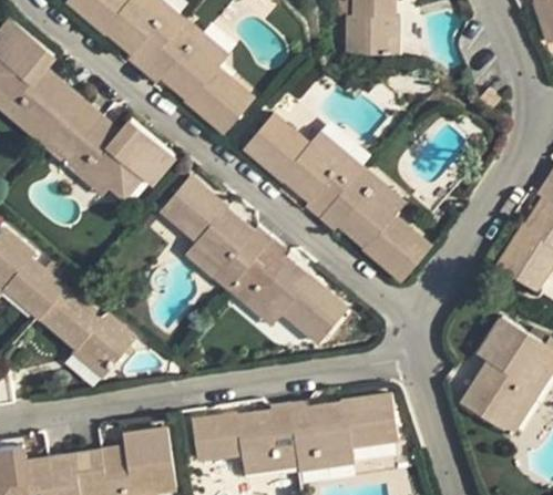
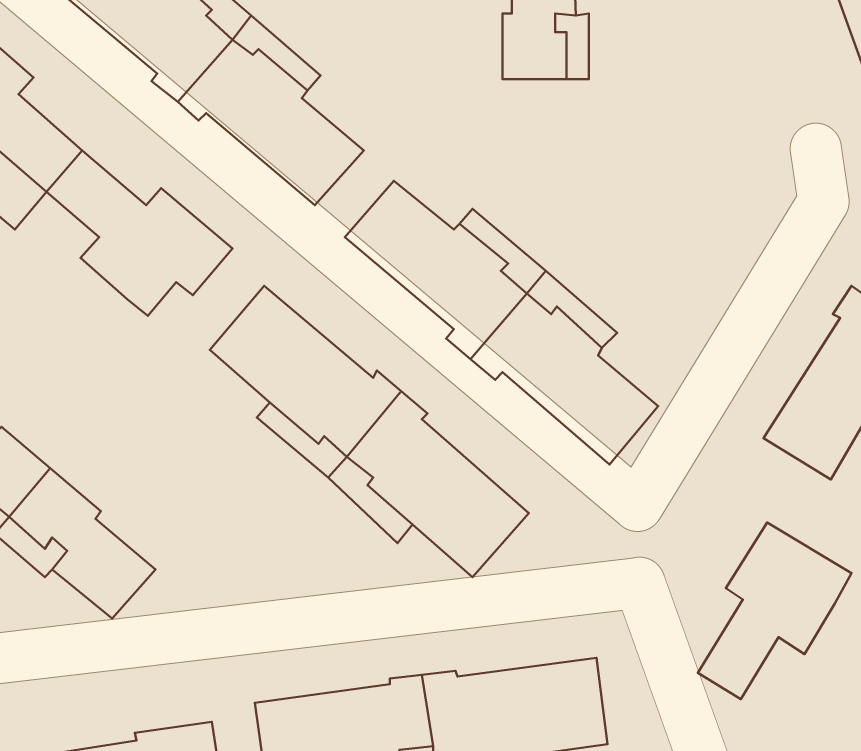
building: [49,123,115,196] -> none
building: [478,365,544,436] -> none

